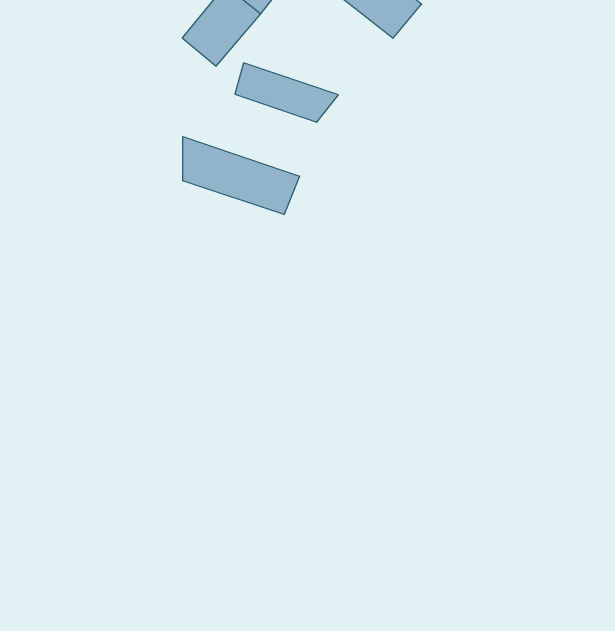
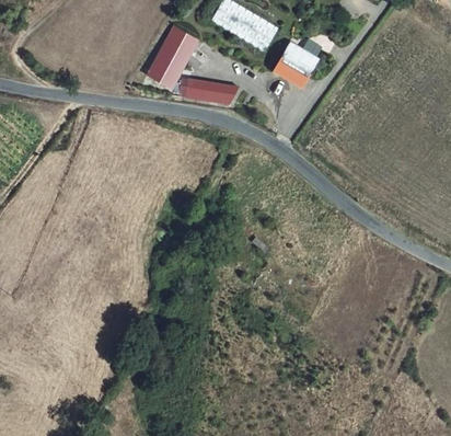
building: none -> [273,38,323,91]
building: [183,137,299,215] -> none

